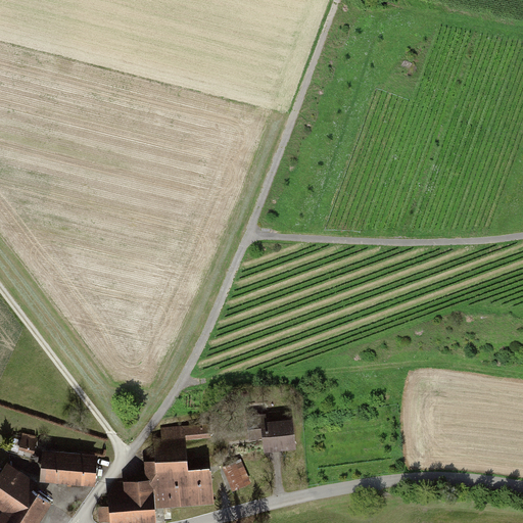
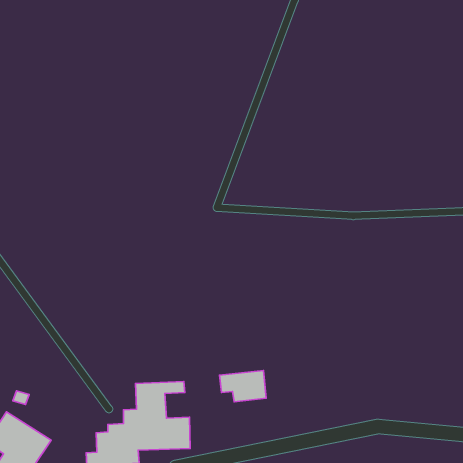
building: [40,451,98,486] -> none
building: [220,464,249,495] -> none

